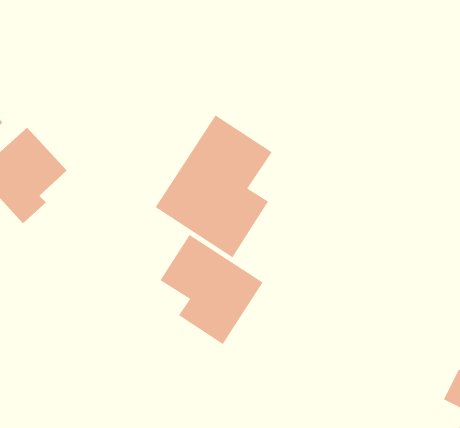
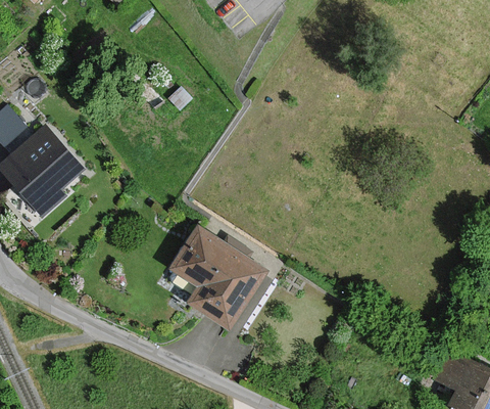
building: [155,114,272,258] -> none

